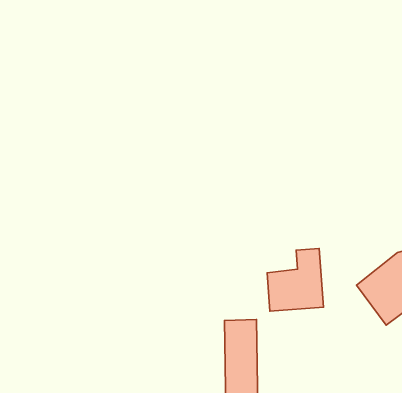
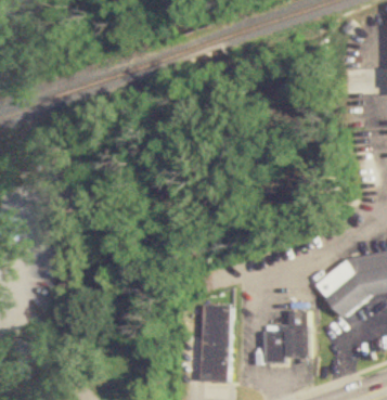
building: [267,248,323,311] -> [261,311,307,361]

